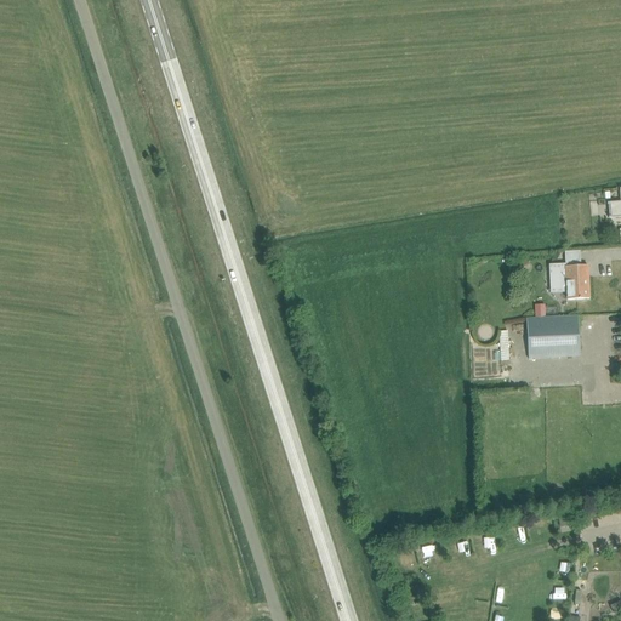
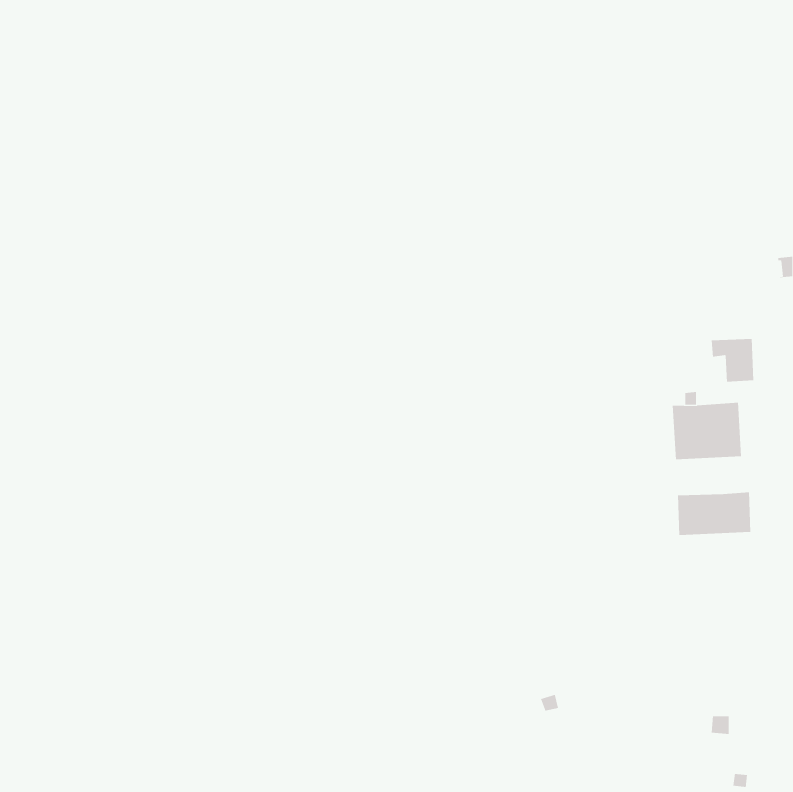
building: none -> [677,491,751,536]

